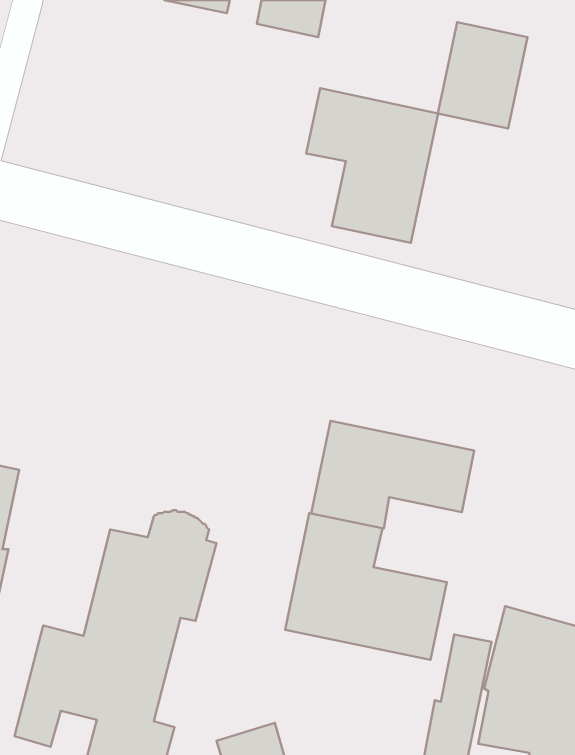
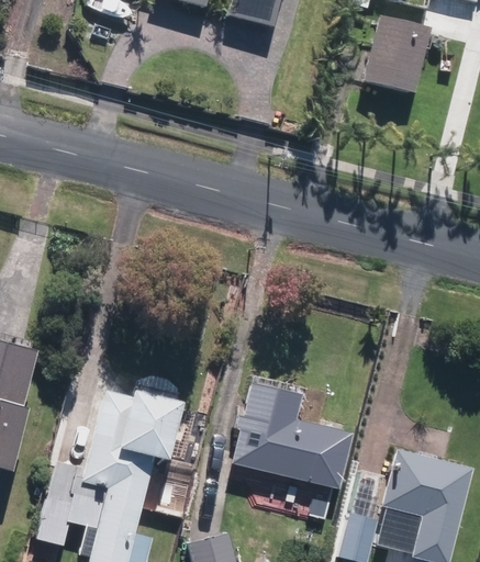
building: [306,88,438,243] -> none
building: [311,421,474,528] -> none

